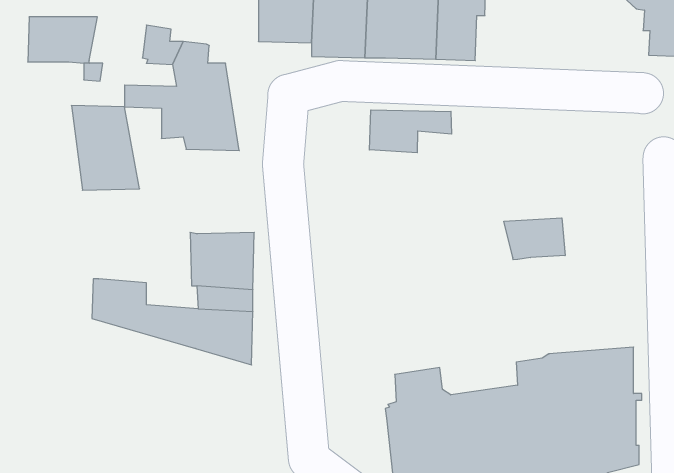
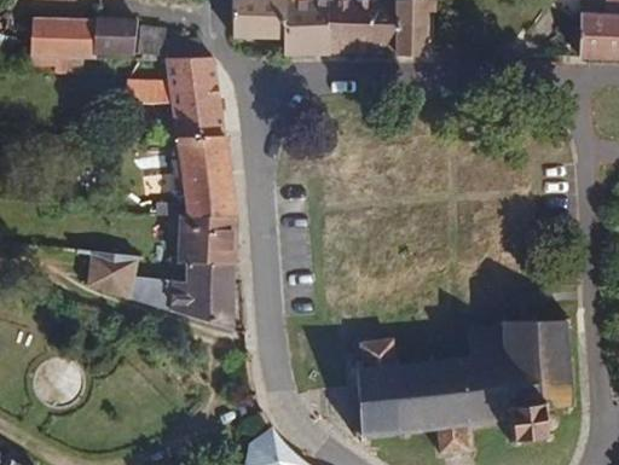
building: none -> [87,17,133,56]
building: [71,106,140,190] -> [173,134,233,209]
building: [369,110,452,153] -> none
building: [504,218,565,260] -> none

